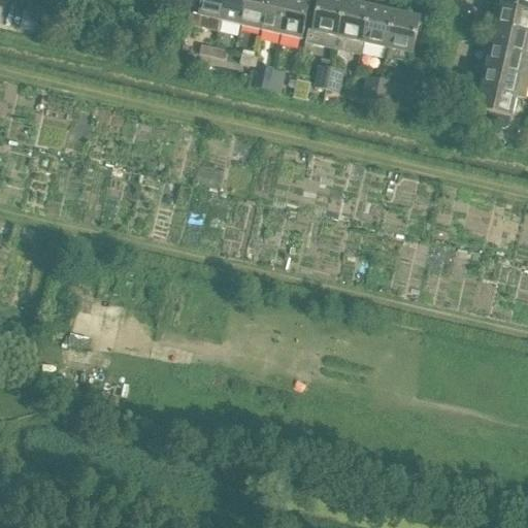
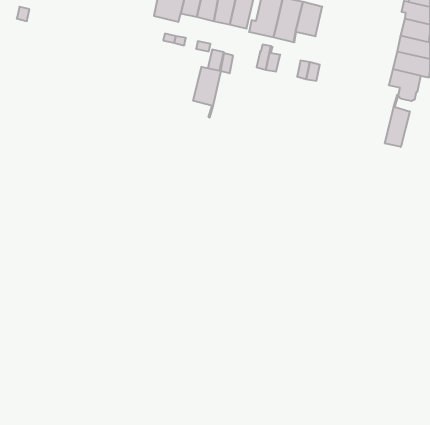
building: [384,8,421,63] -> none
building: none -> [193,67,221,118]
building: none -> [385,95,410,147]

